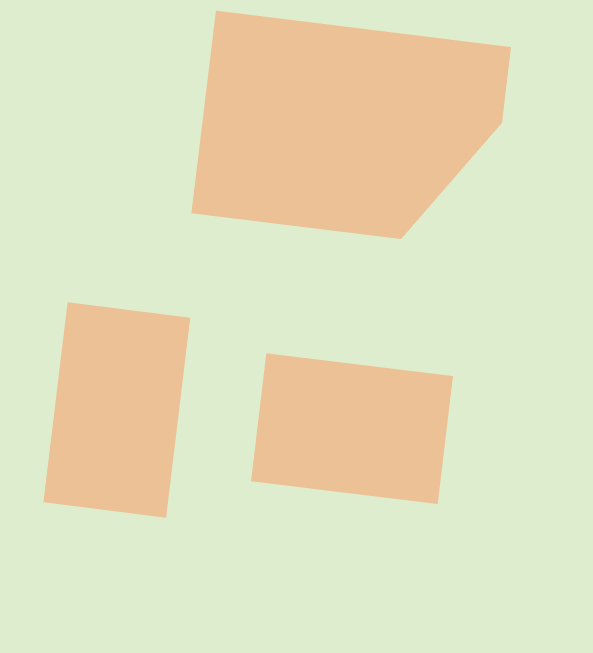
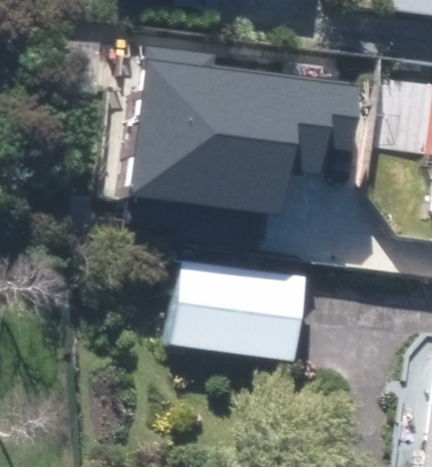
building: [43,302,191,518] -> none

